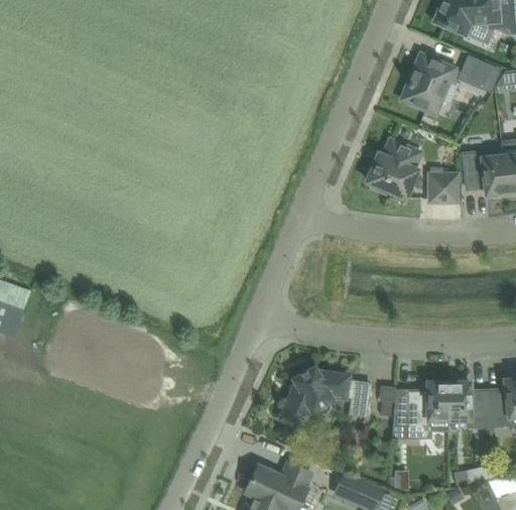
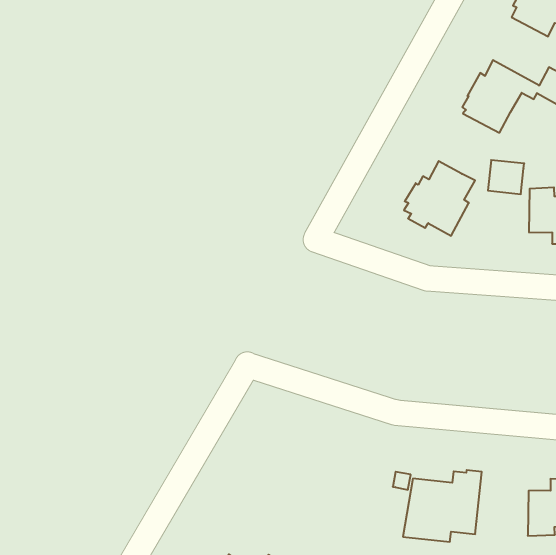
building: [430,174,457,199] -> [488,160,524,194]
building: [281,368,370,426] -> none
building: [449,380,491,426] -> none

